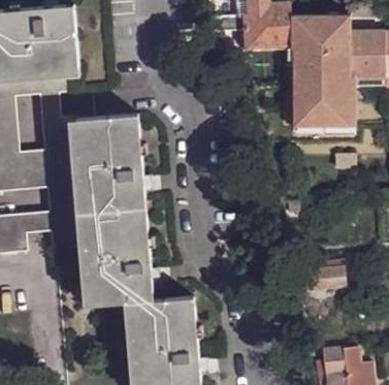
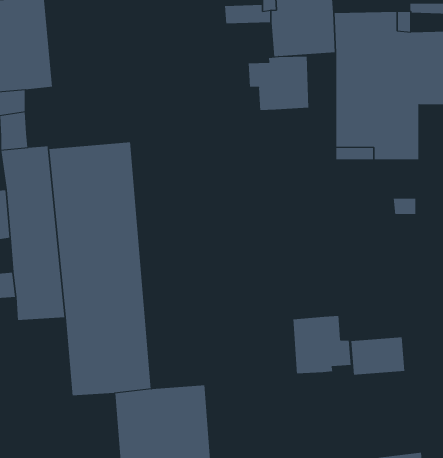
building: none -> [248,56,309,111]
building: none -> [293,315,351,374]

